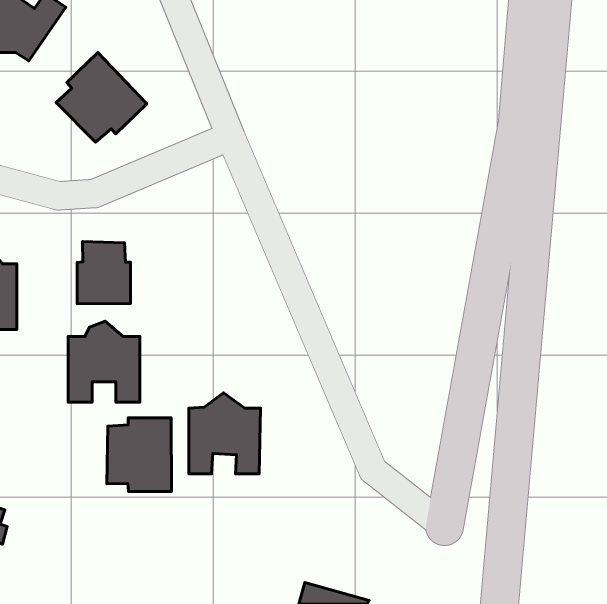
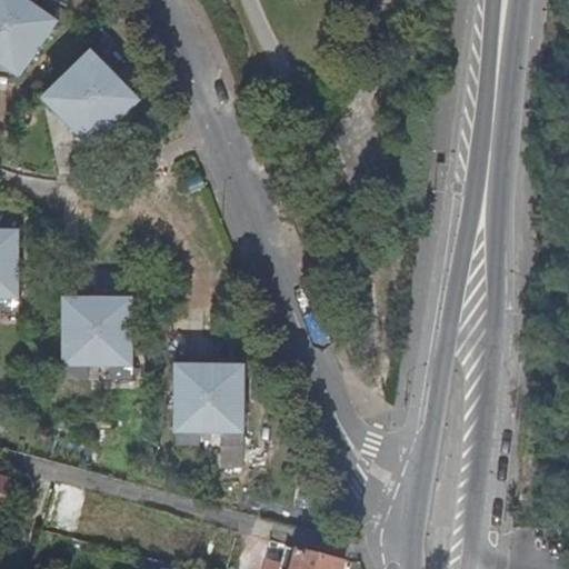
building: [77,242,131,304] -> none
building: [107,418,172,491] -> none

